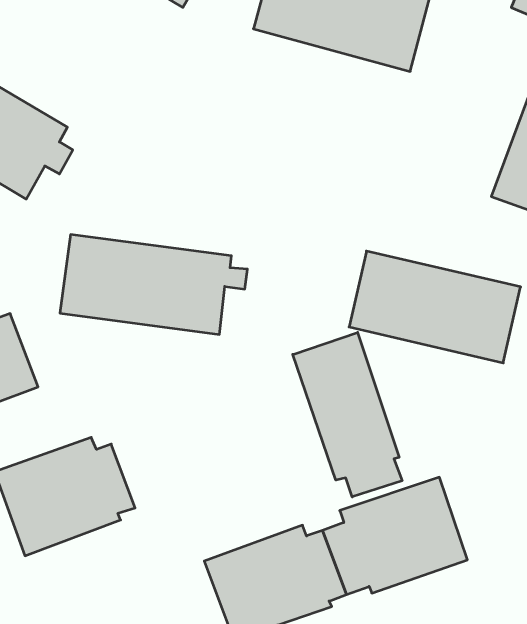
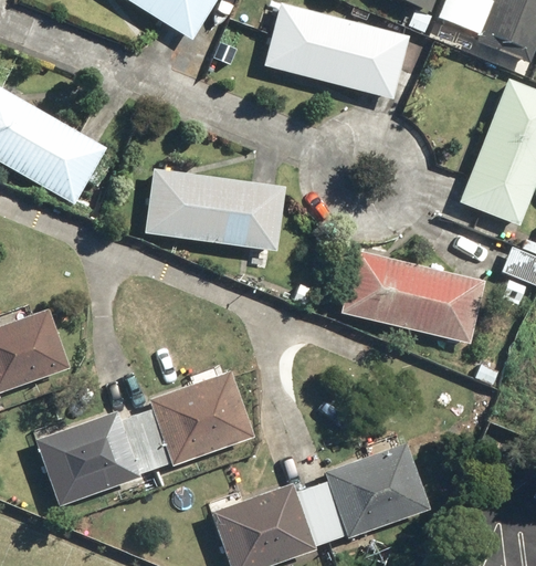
building: [60,235,247,334] -> [141,168,297,251]
building: [293,332,402,497] -> none
building: none -> [143,365,266,463]

